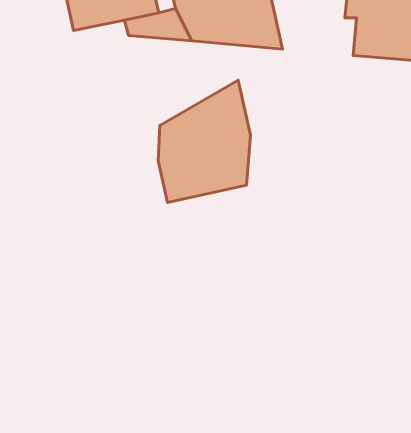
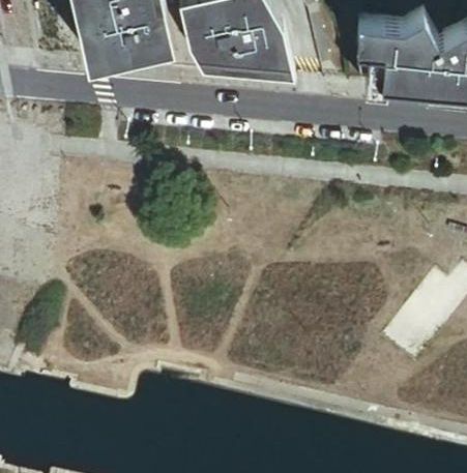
building: [158,80,250,202] -> none

